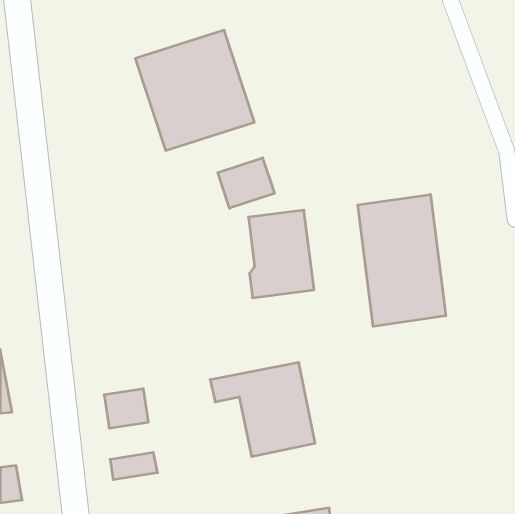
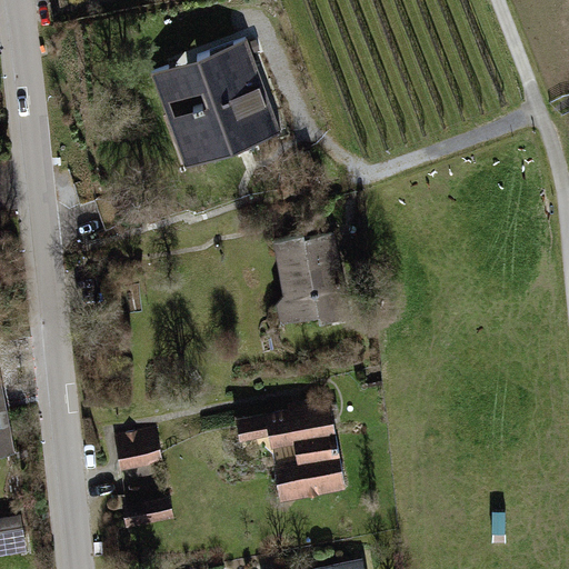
building: [218,158,274,208] -> none
building: [358,194,446,326] -> none

